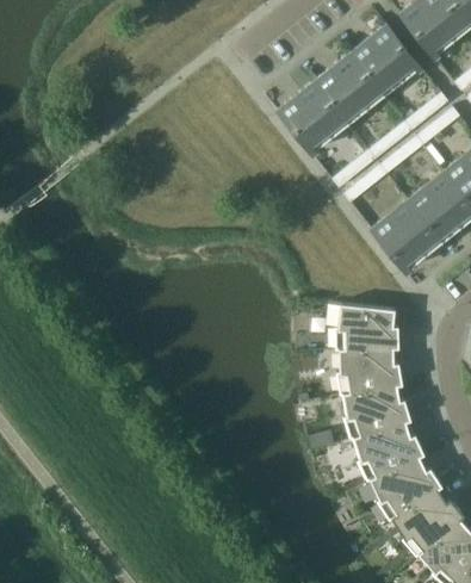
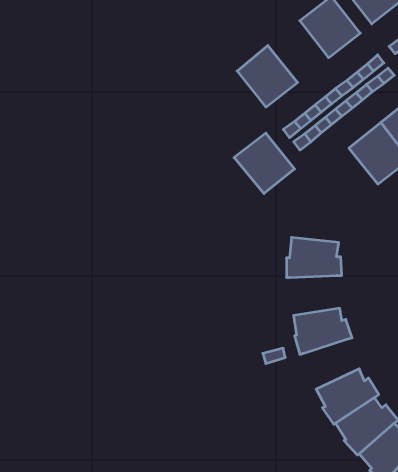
building: [314,52,384,124] -> none
building: [371,200,441,271] -> [234,133,295,194]
building: [336,348,403,396] -> none
building: [354,422,424,482] -> none

